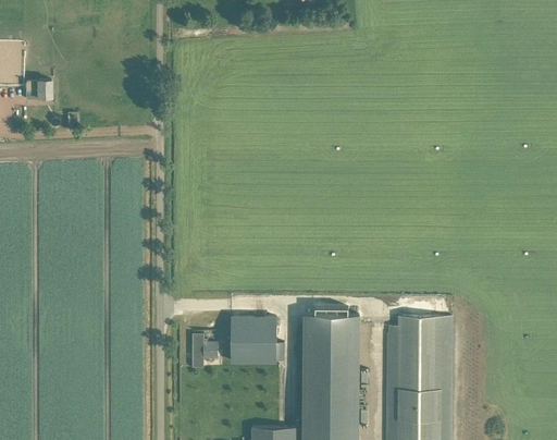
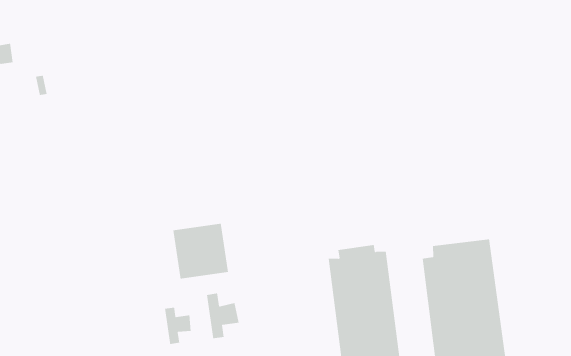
building: [231,318,275,363] -> [173,223,229,279]
building: none -> [165,307,191,345]

